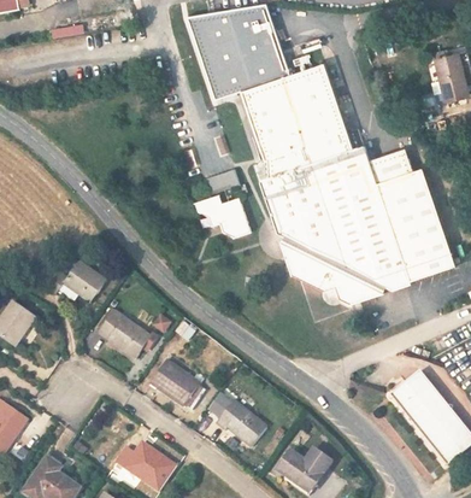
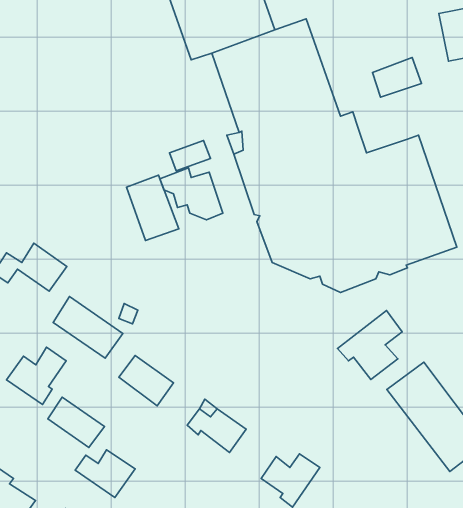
building: [364,146,407,181] -> [372,58,422,97]
building: none -> [127,175,179,241]
building: none -> [337,311,402,380]
building: none -> [7,347,66,405]
building: none -> [48,397,105,447]

